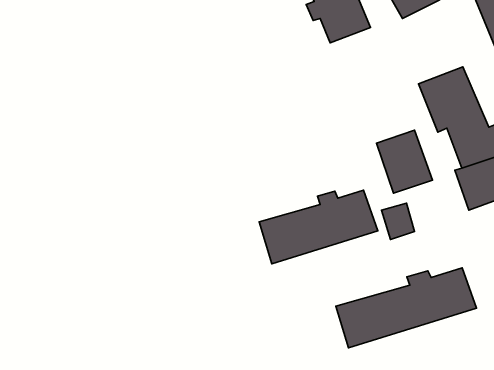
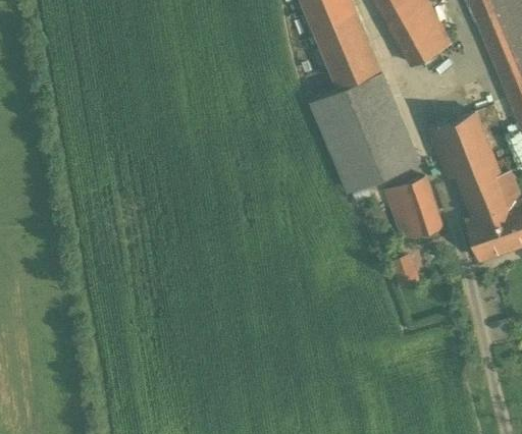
building: none -> [314,73,419,192]
building: [259,190,378,264] -> none
building: [336,268,477,348] -> none

